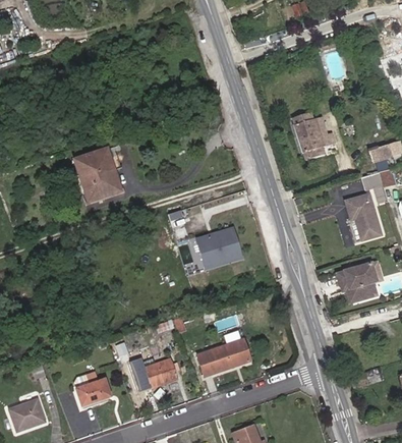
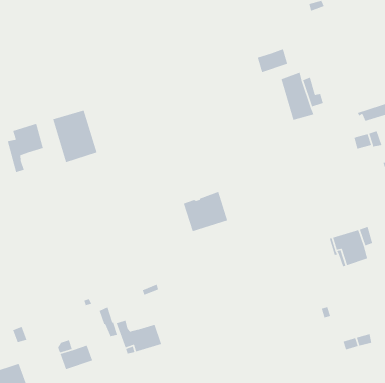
building: none -> [257,48,288,73]
building: none -> [7,123,44,173]
building: [348,193,383,239] -> none
building: [195,340,248,376] -> none

